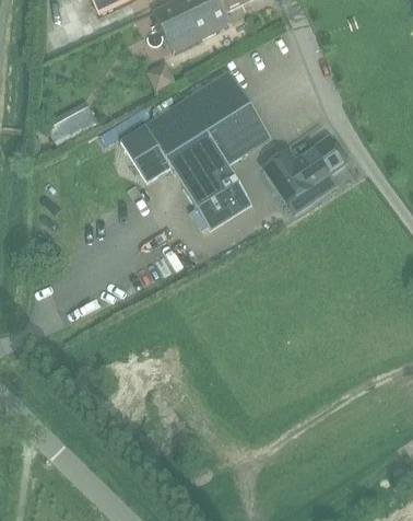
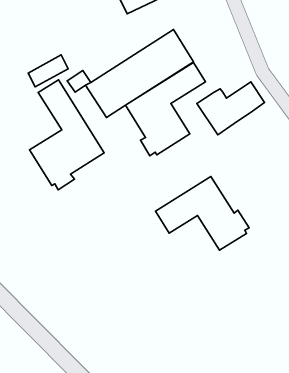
building: none -> [30,80,104,190]
building: none -> [156,176,249,250]

